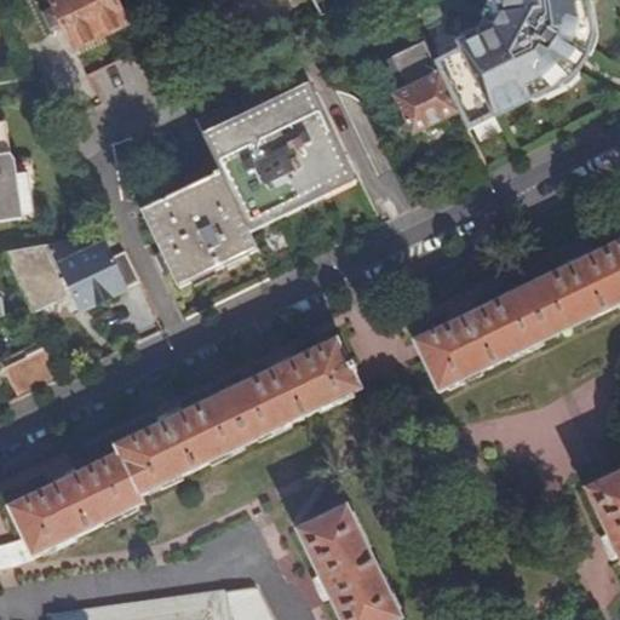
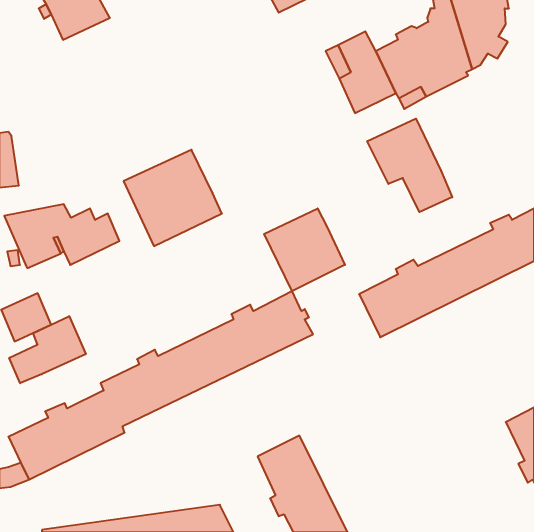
building: [201,80,352,223] -> none
building: none -> [367,119,452,212]
building: none -> [264,208,345,291]
building: none -> [9,316,86,383]

